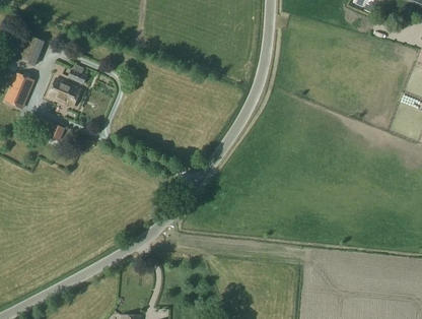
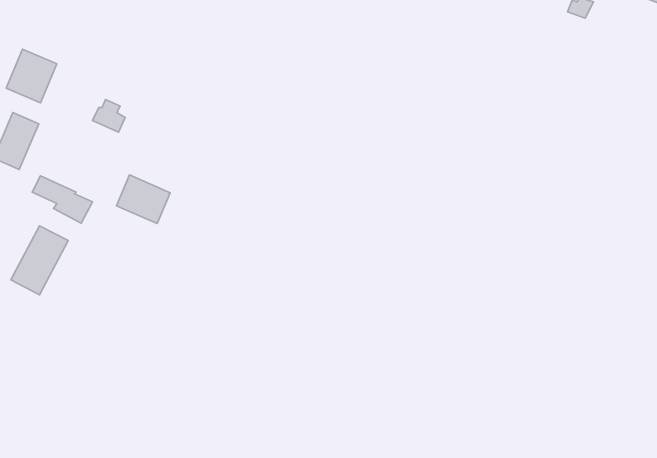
building: [48,78,81,109] -> [117,175,170,224]
building: none -> [11,226,68,295]

